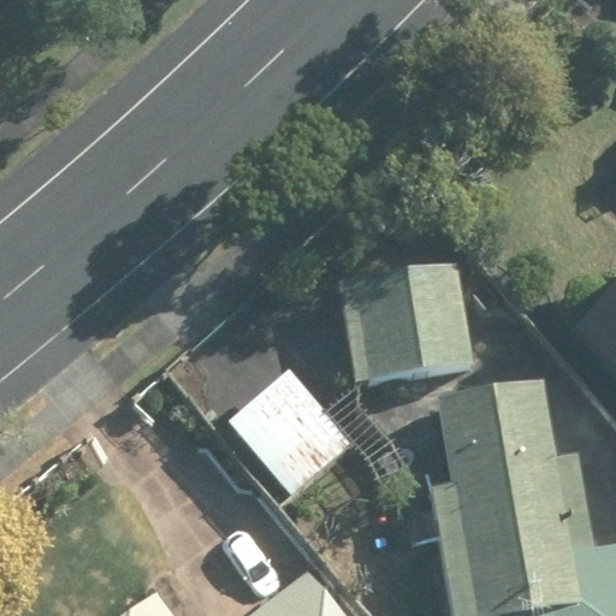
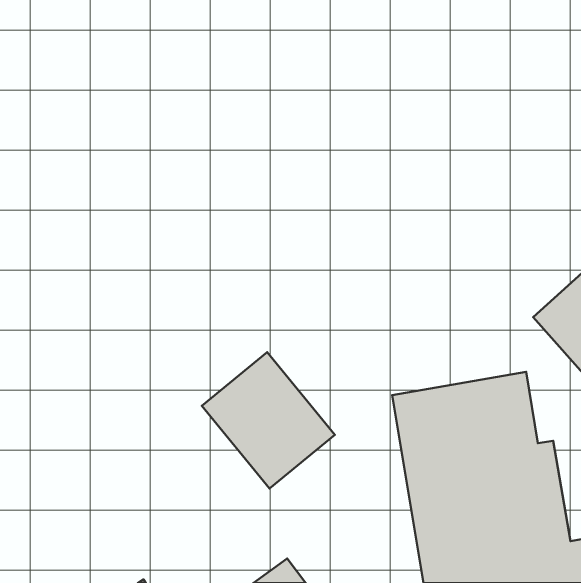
building: [349,274,479,380] -> none

